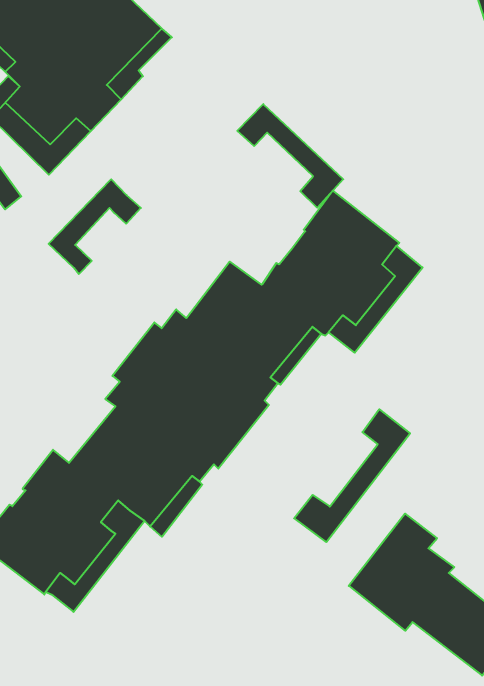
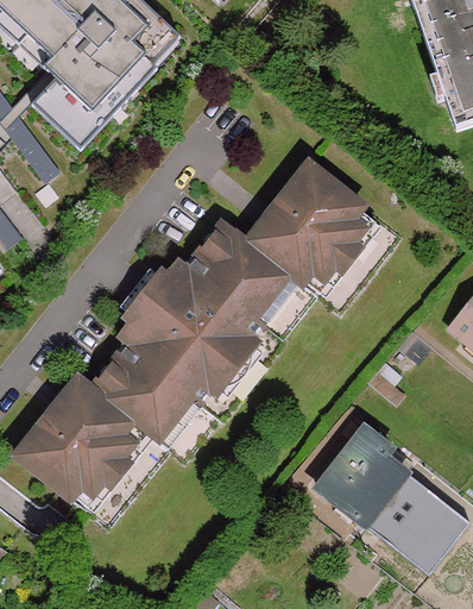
building: [237,104,343,208] -> none
building: [49,179,141,274] -> none
building: [294,409,410,542] -> none

